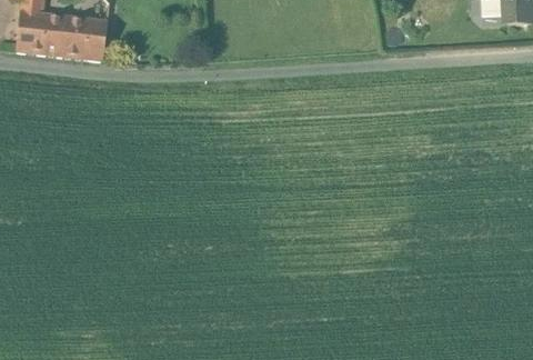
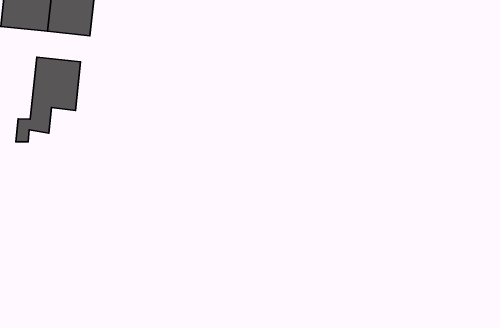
building: none -> [16,57,80,142]

